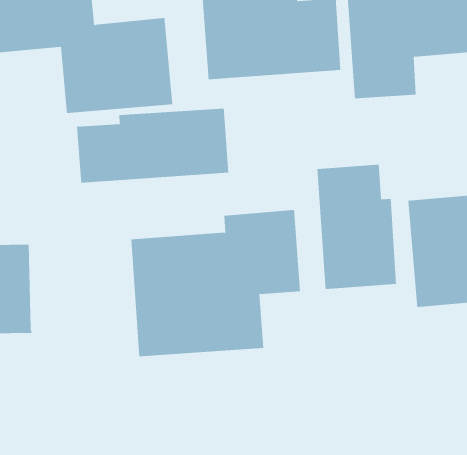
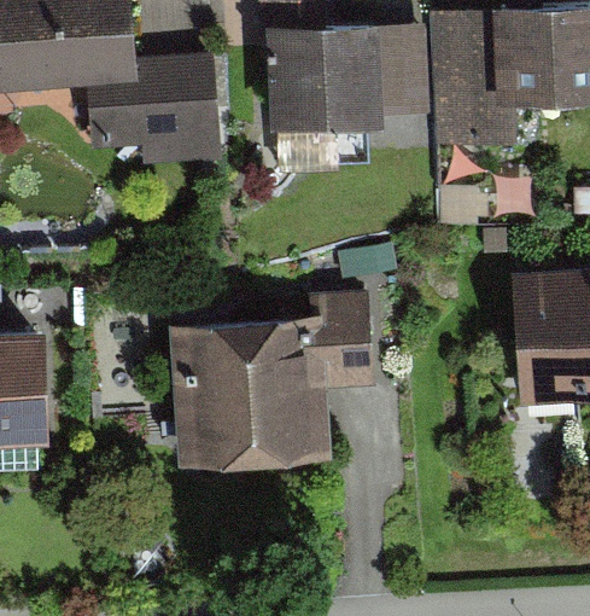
building: [76,108,229,184] -> none
building: [317,164,396,290] -> none

